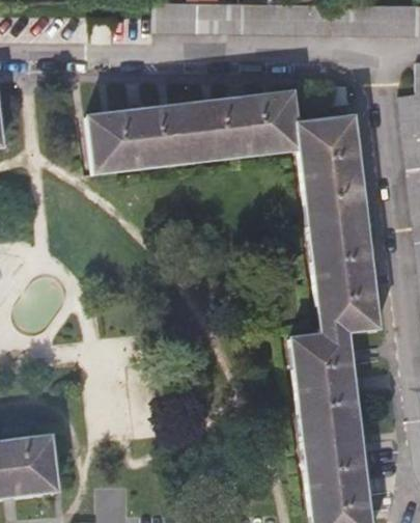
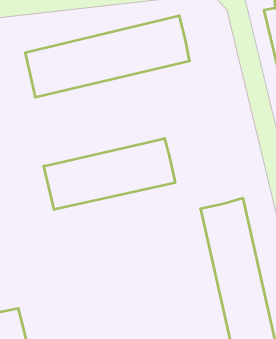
building: [299,114,379,332] -> none
building: none -> [44,138,175,210]

